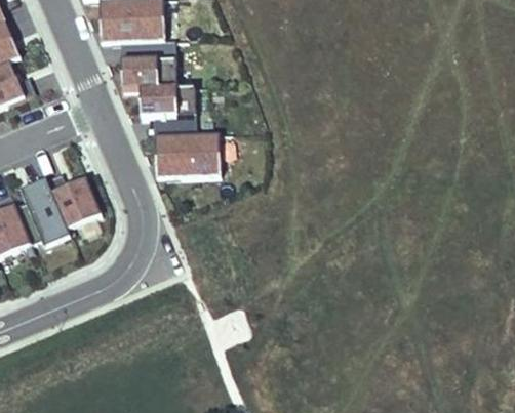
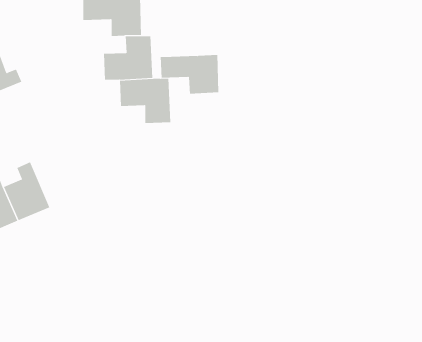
building: [155,134,220,177] -> [160,55,219,94]
building: [43,171,100,228] -> none

